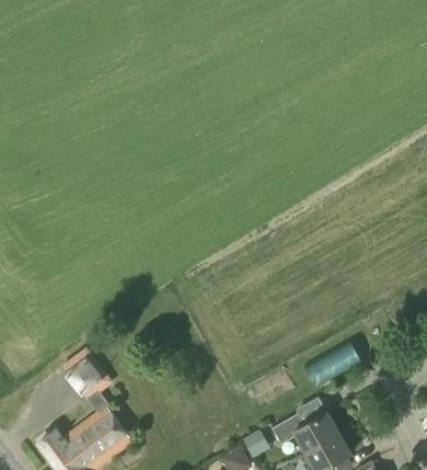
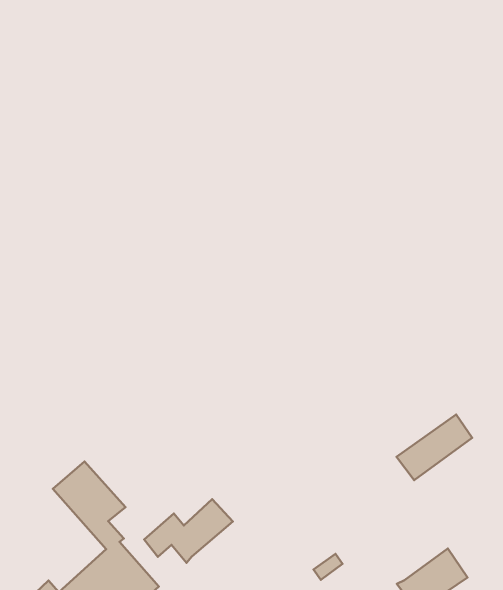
building: none -> [144,499,233,563]
building: [273,412,339,452] -> none

